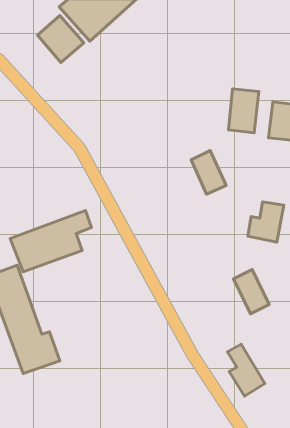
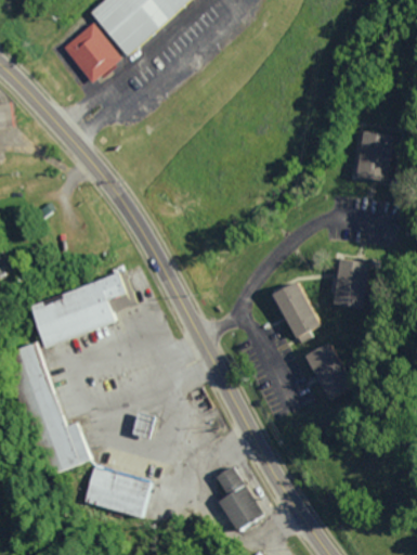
building: [229,89,259,133] -> none
building: [191,150,226,194] -> [279,282,324,337]
building: [227,344,265,396] -> [213,465,261,531]
building: none -> [82,465,151,517]

